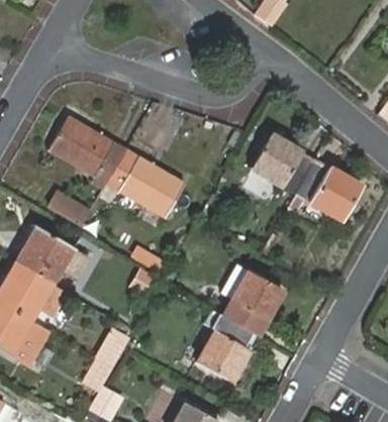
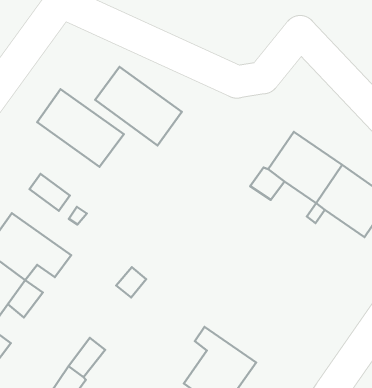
building: [107,151,183,216] -> [95,67,182,146]
building: [211,273,284,337] -> none

